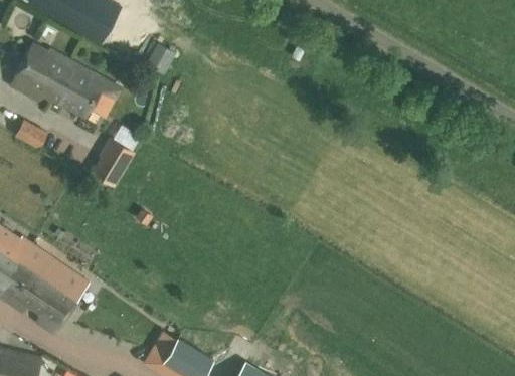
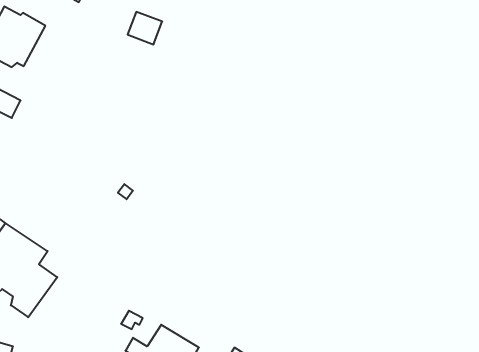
building: [49,61,119,118] -> none
building: [89,137,135,182] -> none

